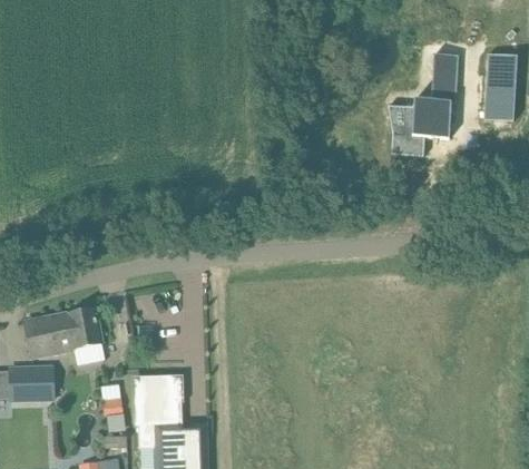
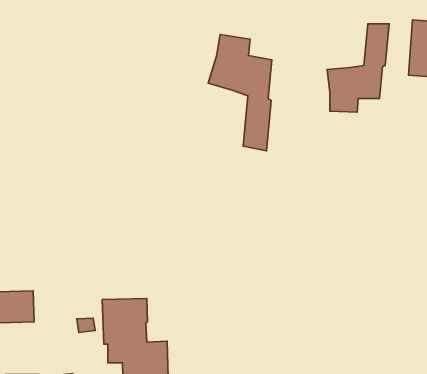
building: none -> [208,34,272,151]
building: [23,307,104,363] -> none

